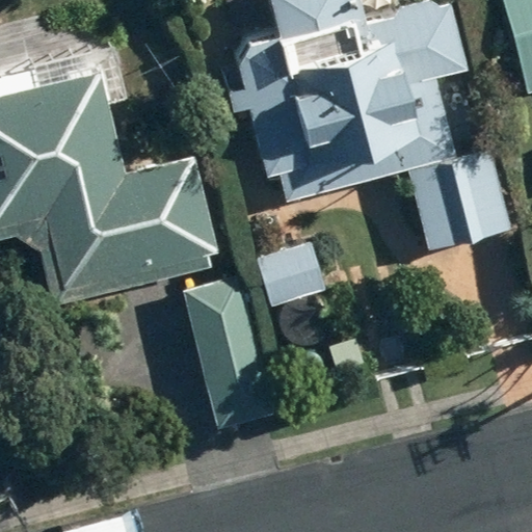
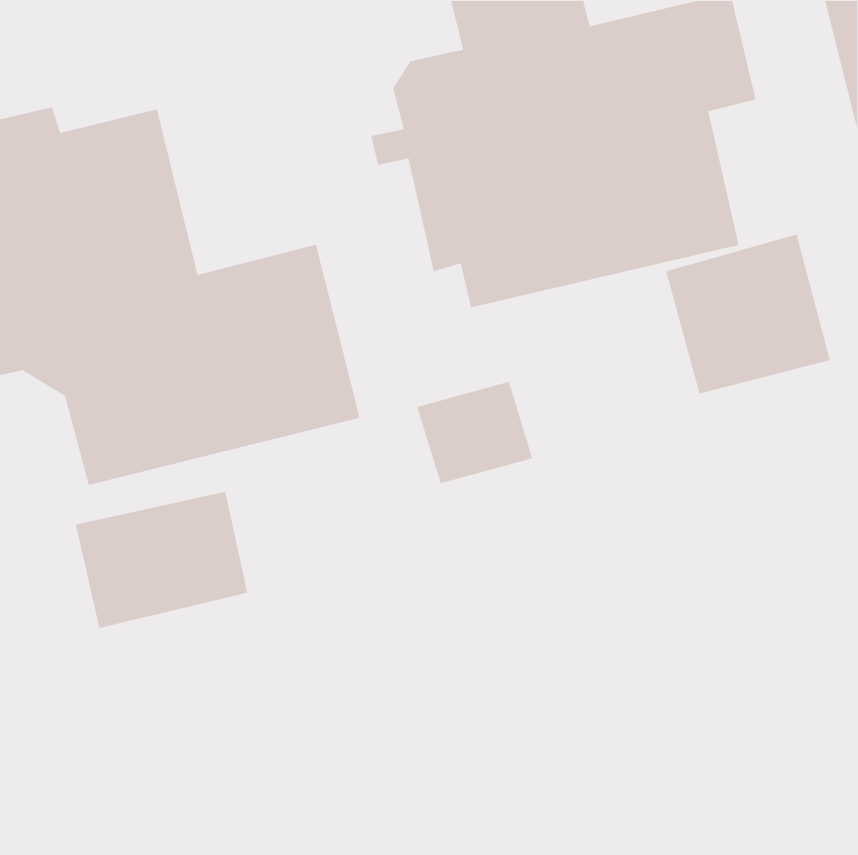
building: [183,277,272,429] -> none
building: none -> [75,491,248,629]

